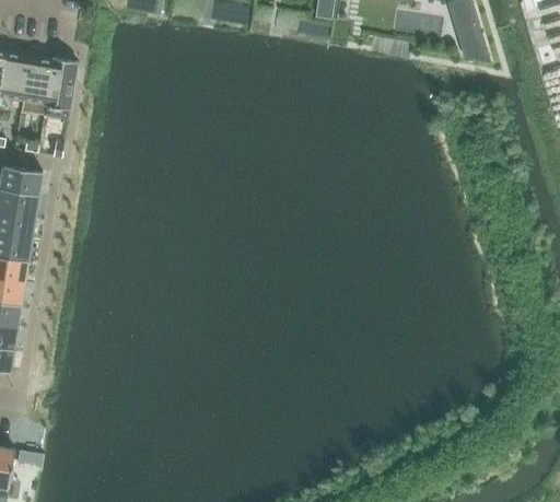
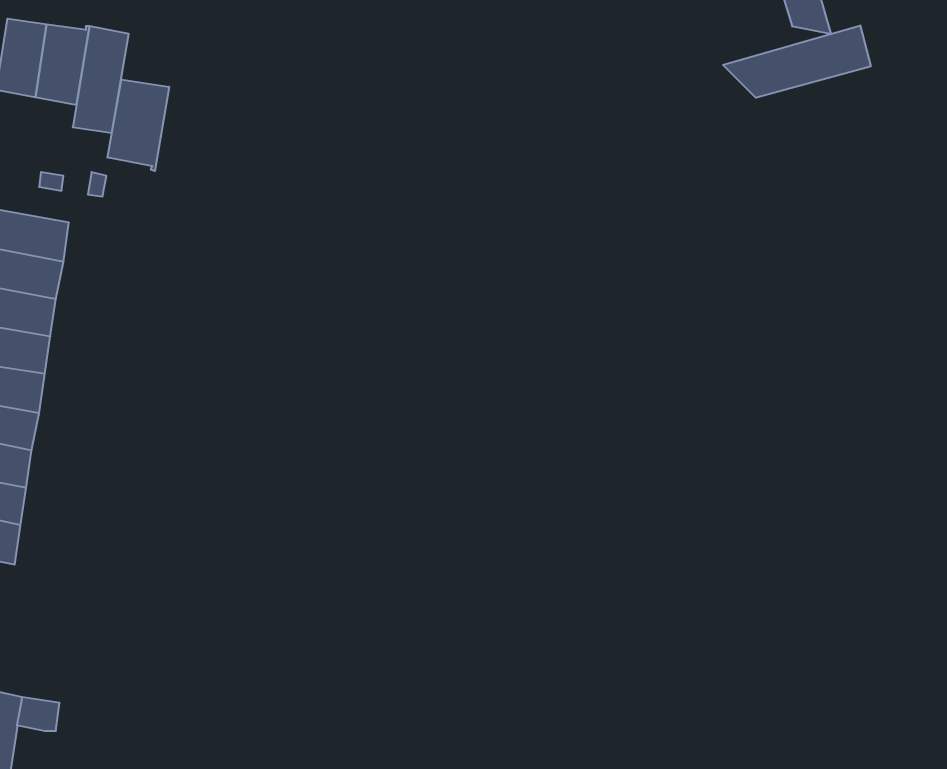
building: none -> [723,25,871,98]
building: none -> [107,79,169,171]

